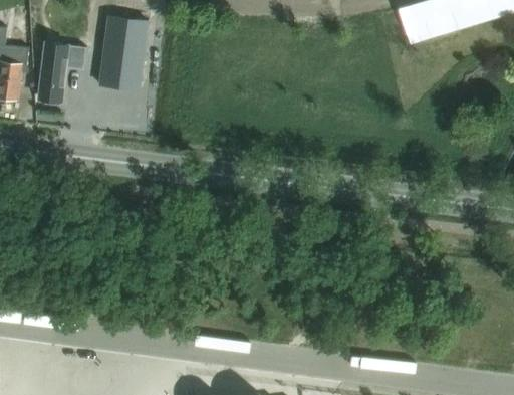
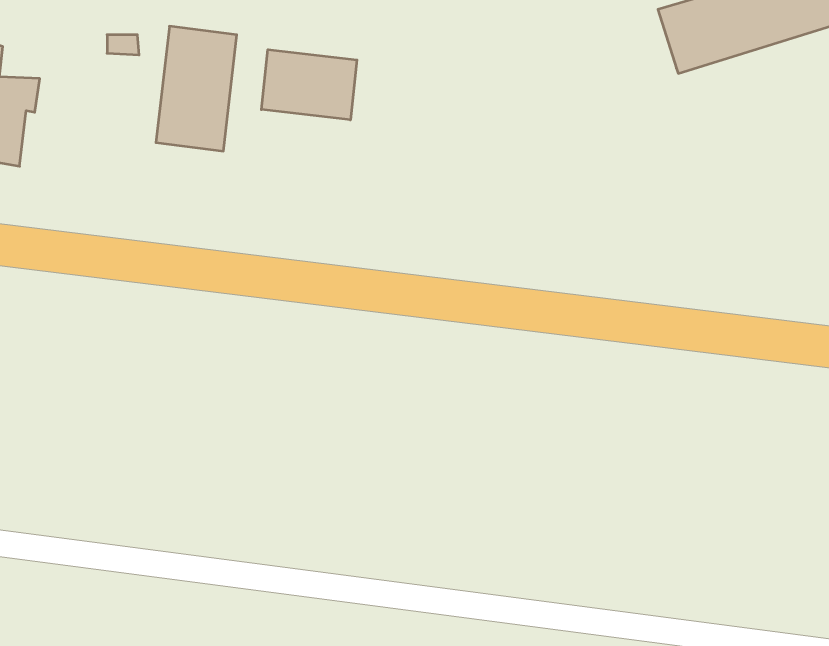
building: none -> [261,50,357,120]
building: [37,45,85,108] -> none

